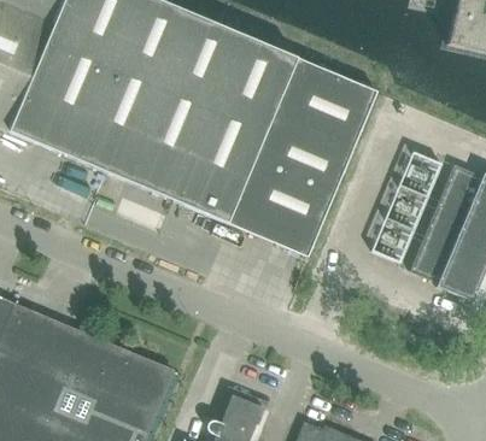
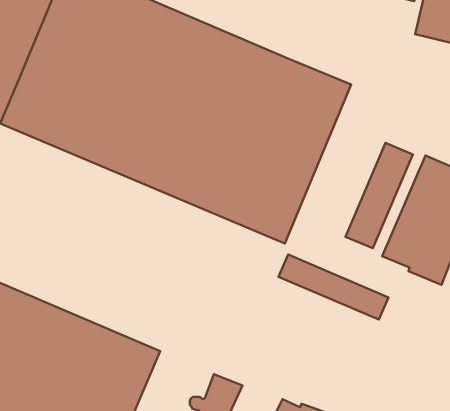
building: none -> [278,255,389,320]

